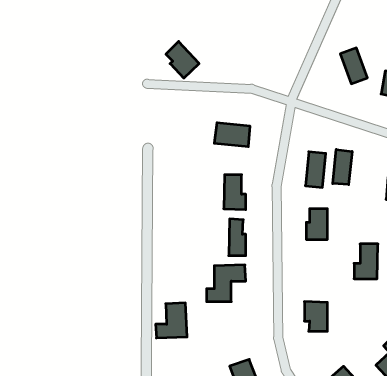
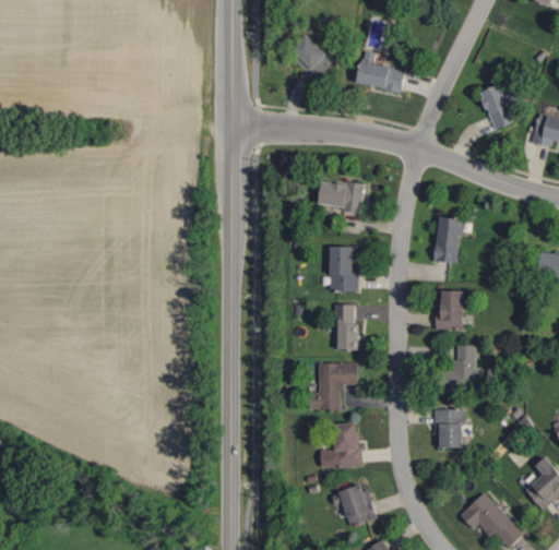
building: none -> [357,51,405,92]
building: [166,41,199,78] -> [290,34,333,81]
building: [333,149,352,185] -> none
building: [354,244,378,279] -> [444,345,475,390]
building: [156,303,187,338] -> [320,422,360,467]

